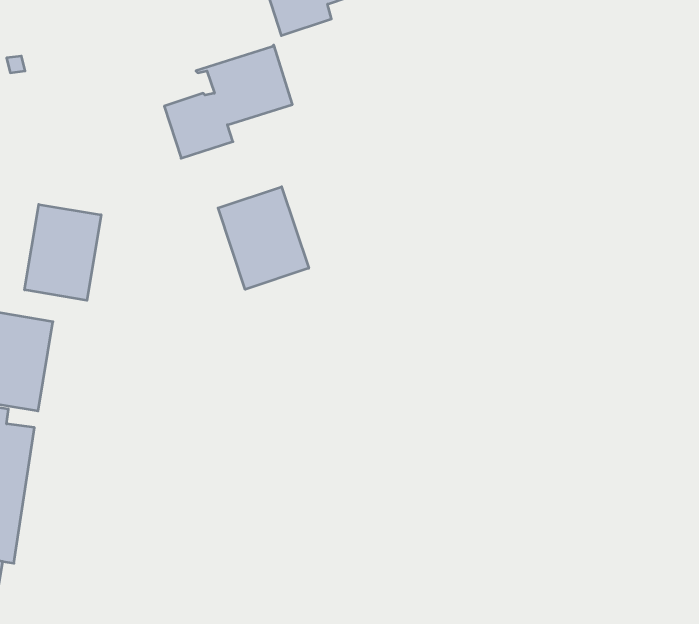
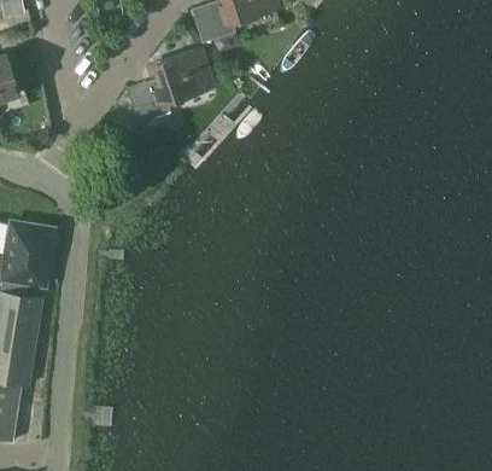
building: [218,187,309,289] -> none
building: [25,204,101,300] -> none

